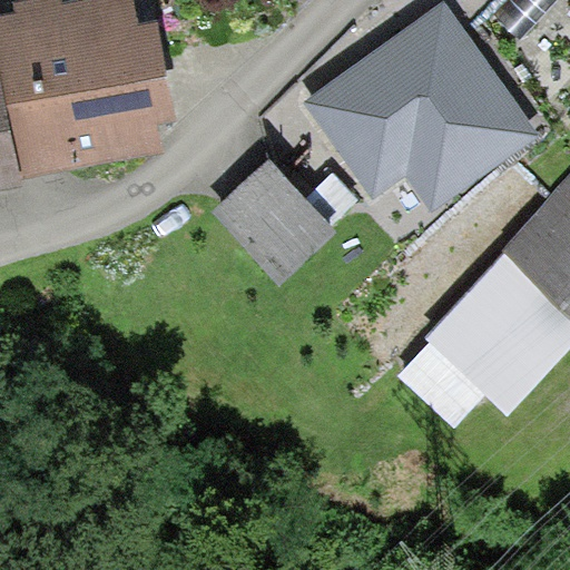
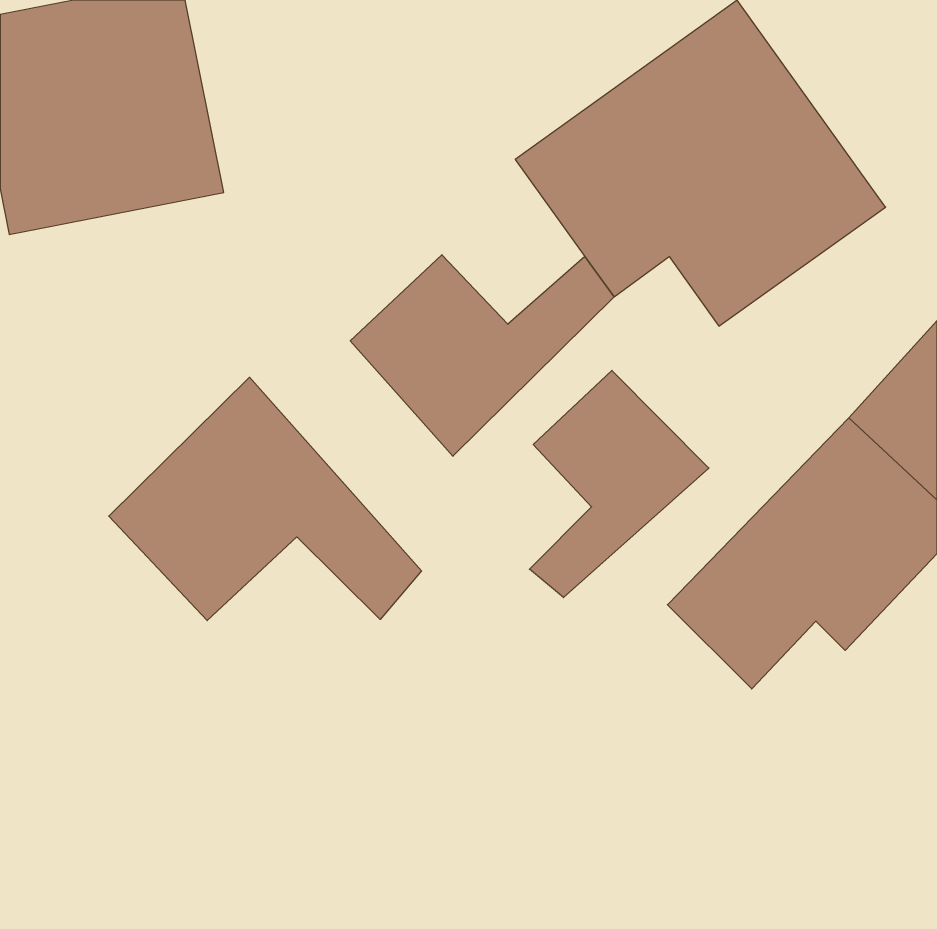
building: none -> [529,370,709,598]
building: none -> [109,377,422,621]

